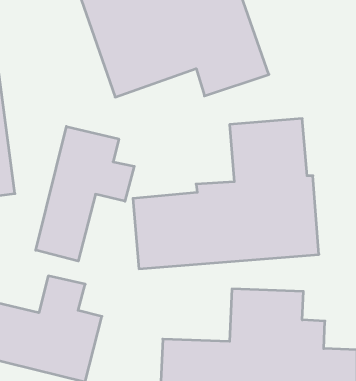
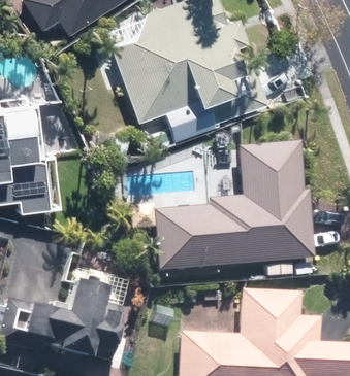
building: [36,126,134,261] -> none

